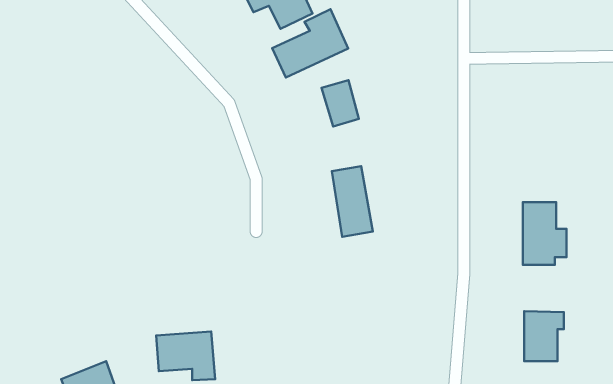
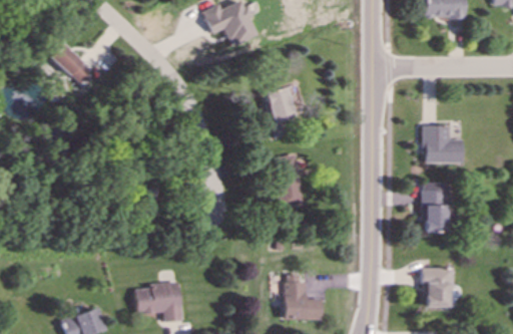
building: [272,9,348,78] -> none
building: none -> [49,43,91,84]
building: none -> [424,125,464,163]
building: none -> [285,276,323,320]

